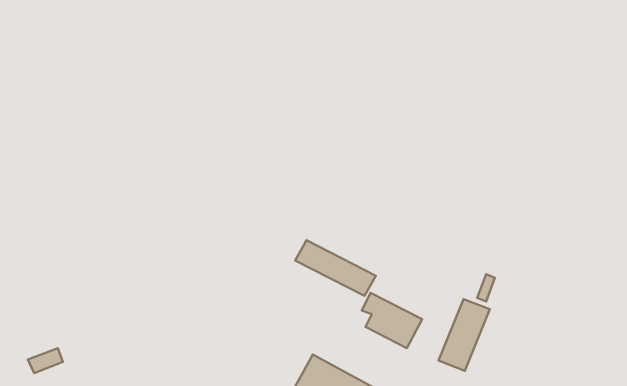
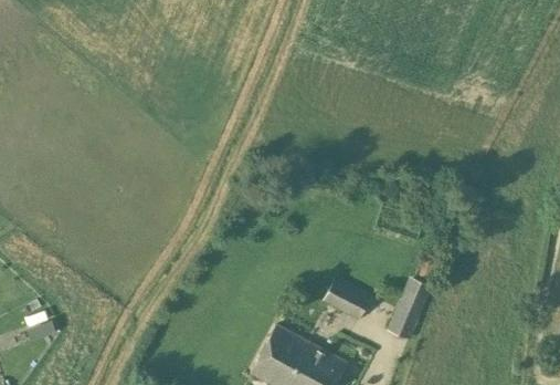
building: [295,240,376,296] -> none

